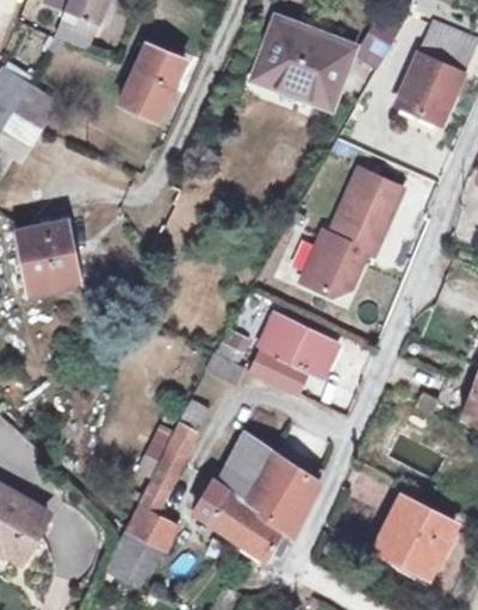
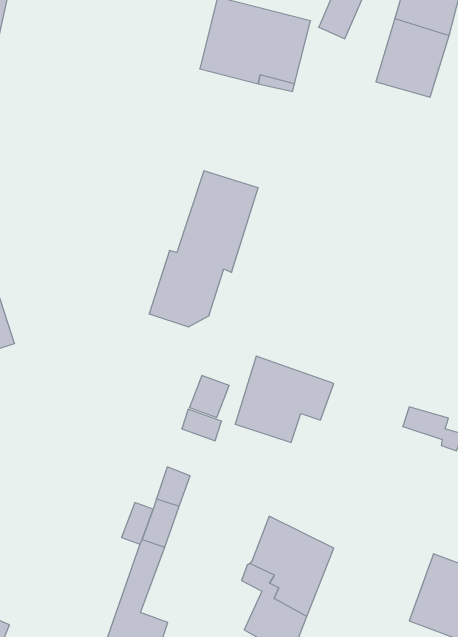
building: [118,43,184,122] -> none
building: [300,169,402,295] -> [149,171,258,327]
building: [226,435,269,485] -> none
building: [193,473,256,541] -> none

